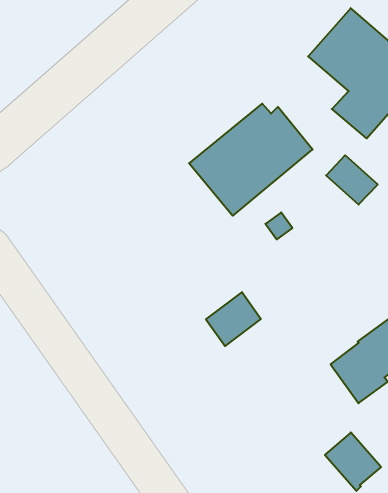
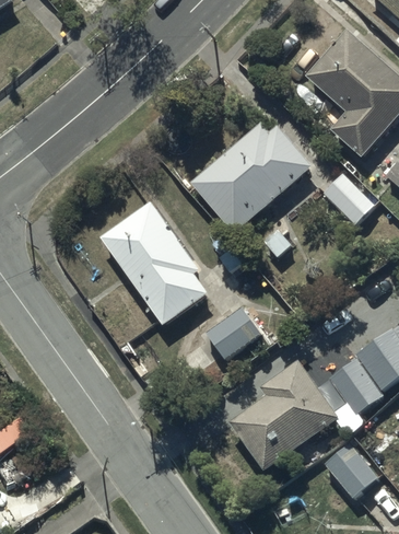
building: none -> [99,202,208,325]
building: none -> [227,360,338,473]

